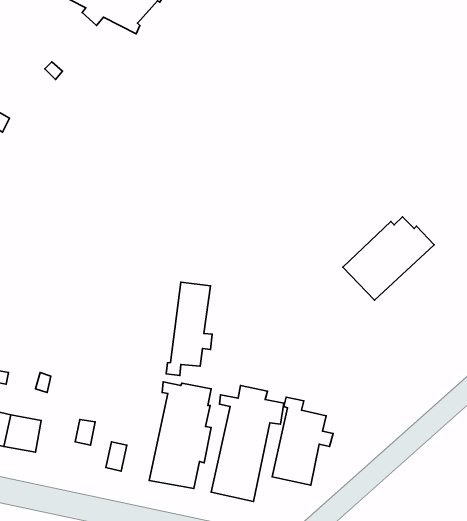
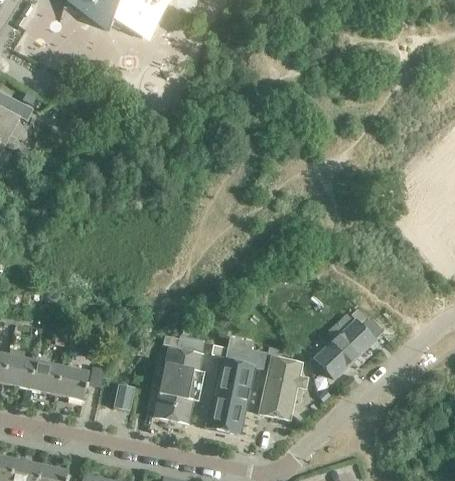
building: [343,217,434,300] -> [308,308,386,379]
building: [166,282,212,376] -> none
building: none -> [56,367,89,400]

